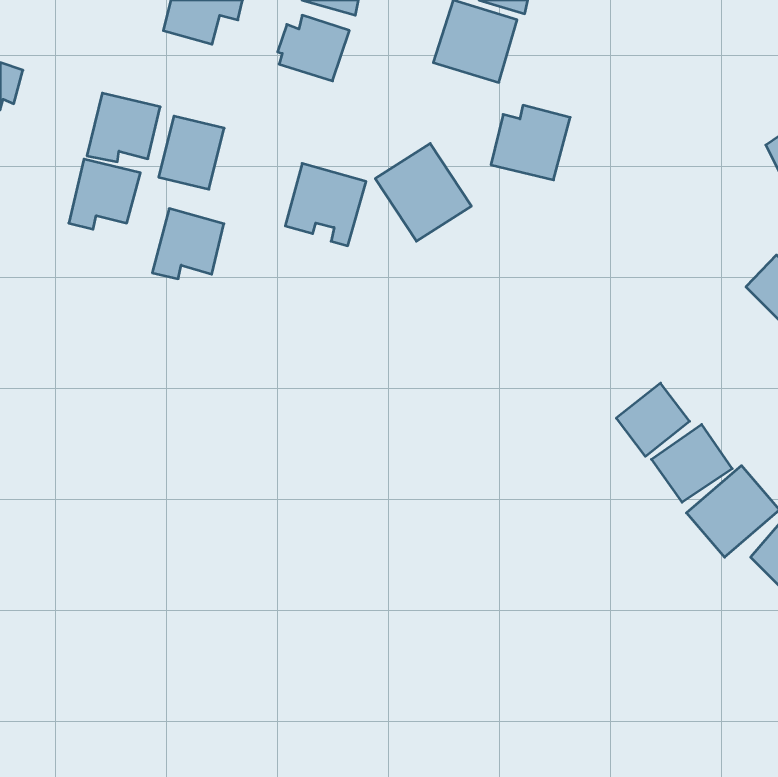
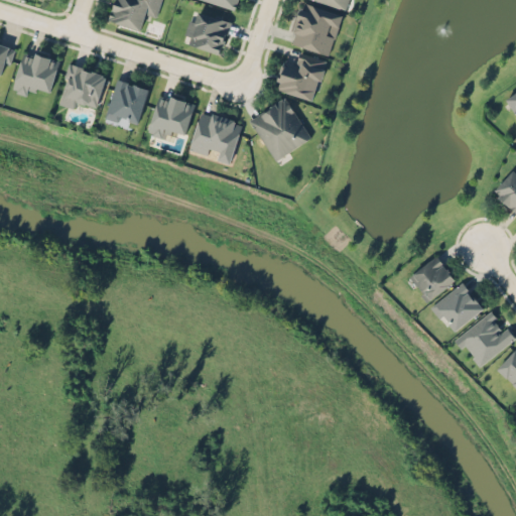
building: [491,105,570,180] -> [275,52,328,102]
building: [69,159,140,229] -> [13,50,60,97]
building: [152,209,224,279] -> [148,93,196,139]

